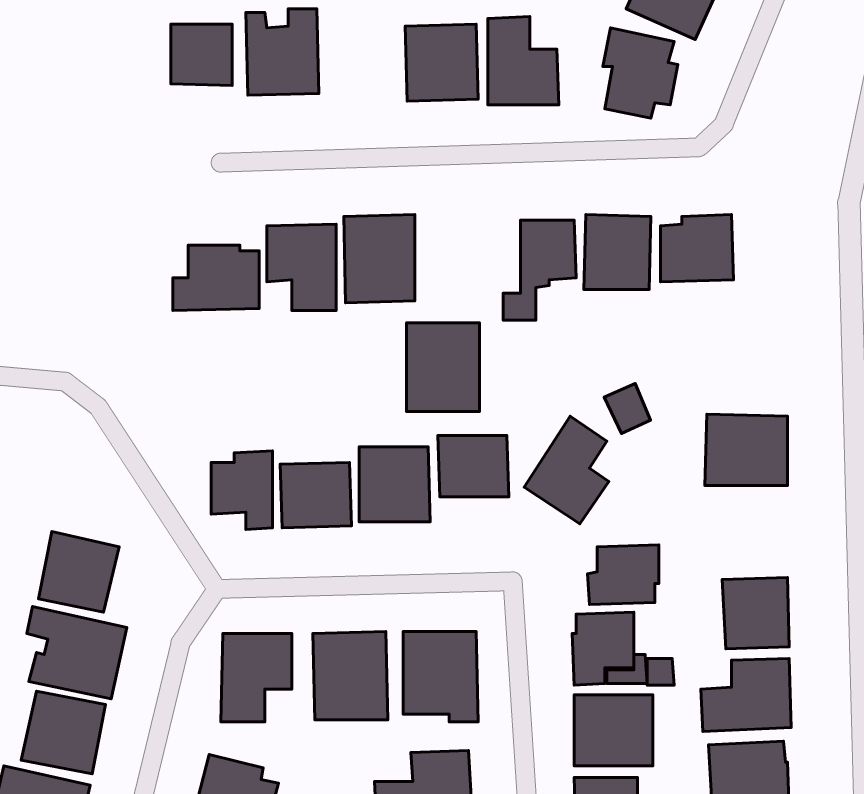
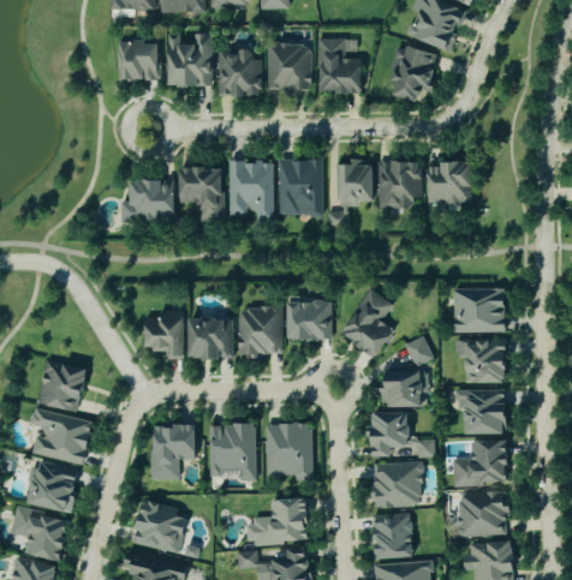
building: none -> [218,50,263,97]
building: [407,323,479,411] -> [279,161,324,216]
building: [604,384,650,434] -> [404,335,433,366]
building: none -> [454,339,507,383]

